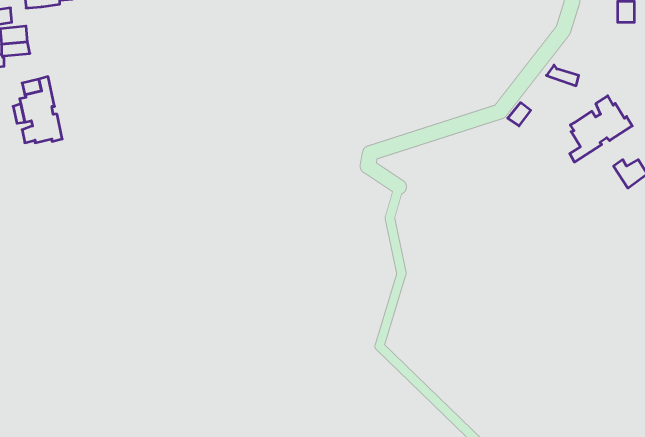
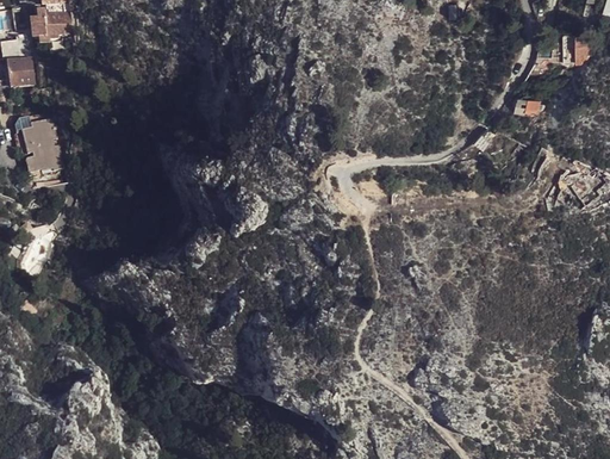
building: [570,96,632,162] -> none

